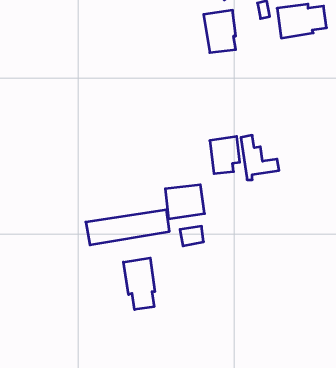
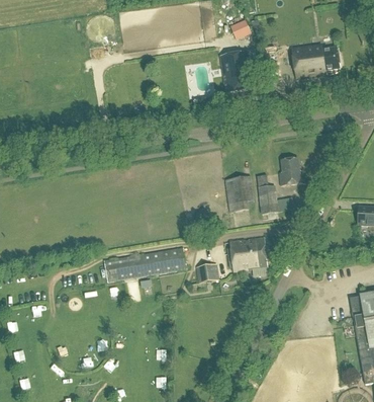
building: none -> [281,156,305,184]
building: [165,185,205,219] -> [231,237,270,270]
building: [123,258,155,310] -> none

